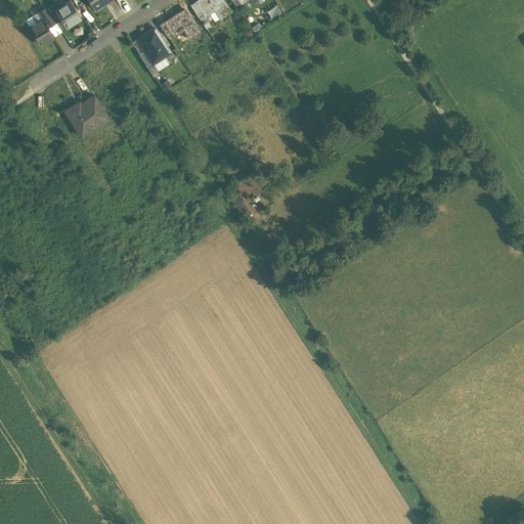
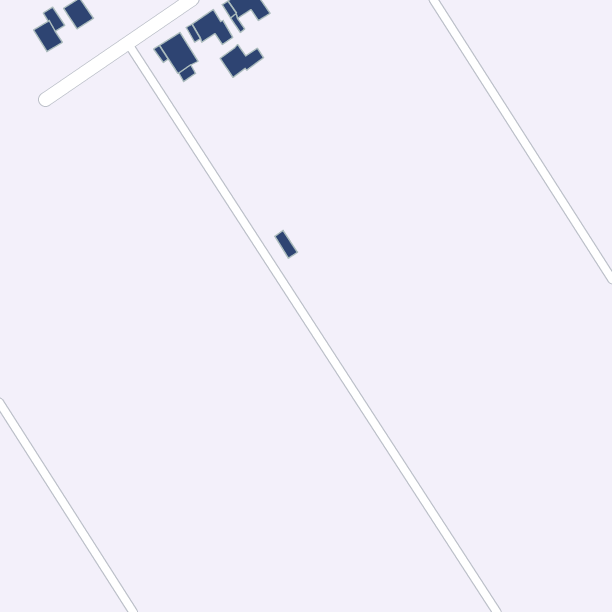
building: none -> [220,45,264,77]
building: [63,94,108,135] -> none

